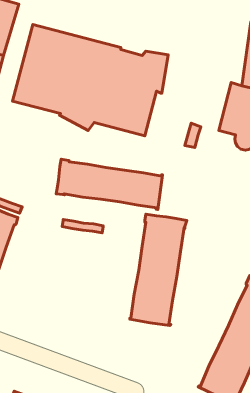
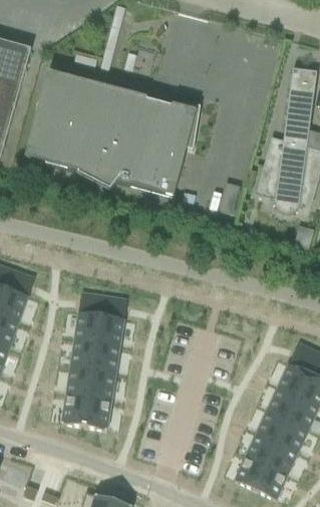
building: [56,159,163,209] -> none
building: [130,214,187,325] -> [61,303,125,429]

